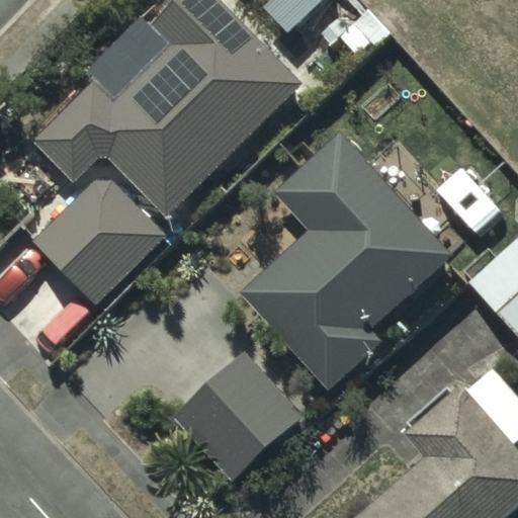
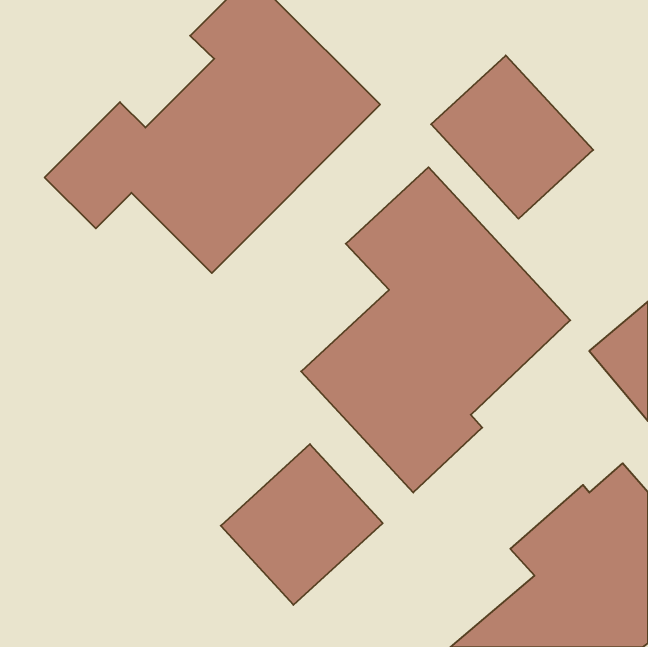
building: none -> [431,55,593,219]
building: [11,171,165,313] -> none

